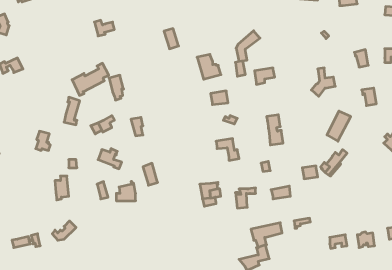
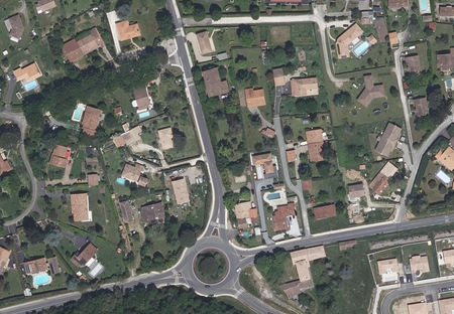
building: [236,31,260,61] -> [337,23,363,56]
building: [197,54,221,79] -> [202,68,228,96]
building: [72,63,109,95] -> [62,28,102,63]

